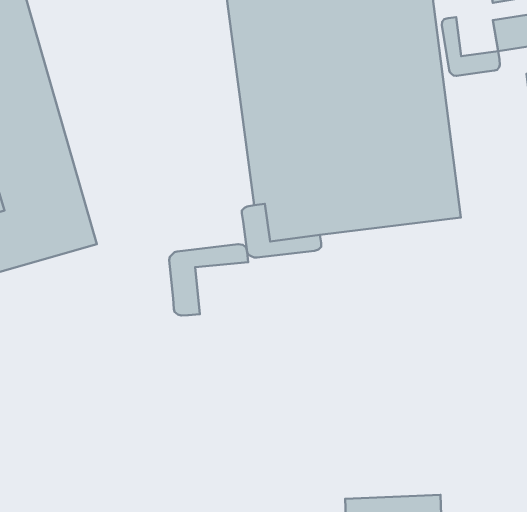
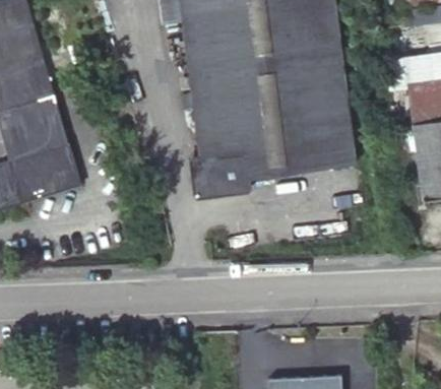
building: [442,17,500,76] -> none
building: [169,244,248,315] -> none

